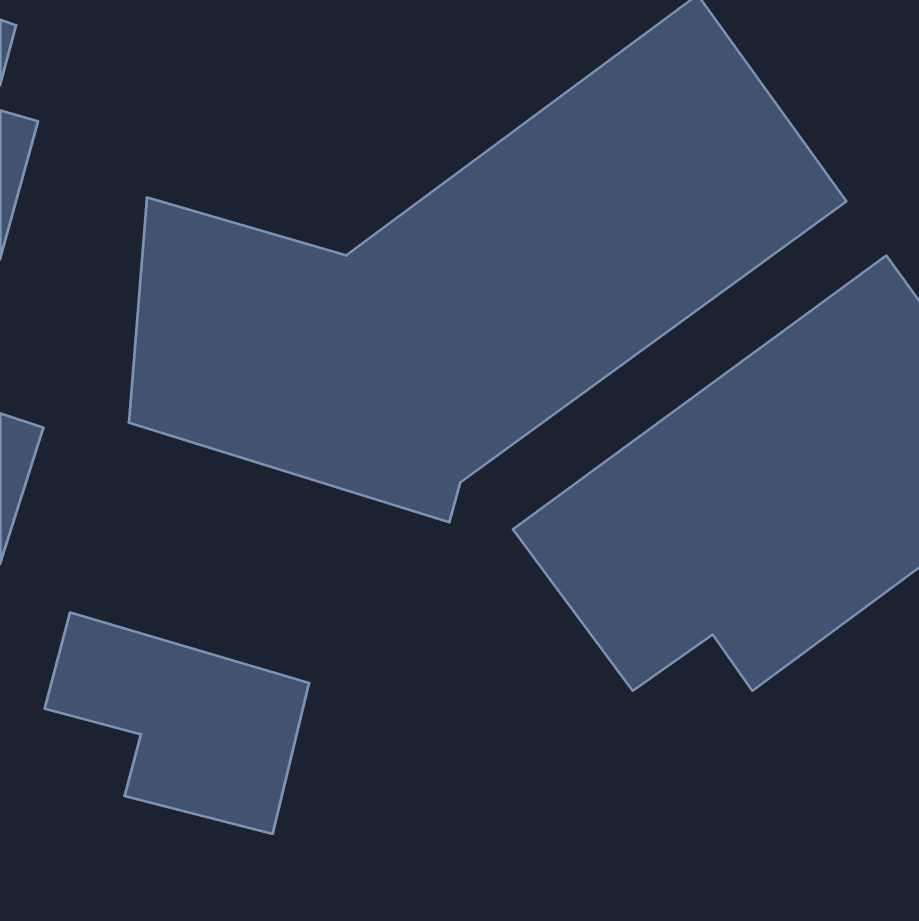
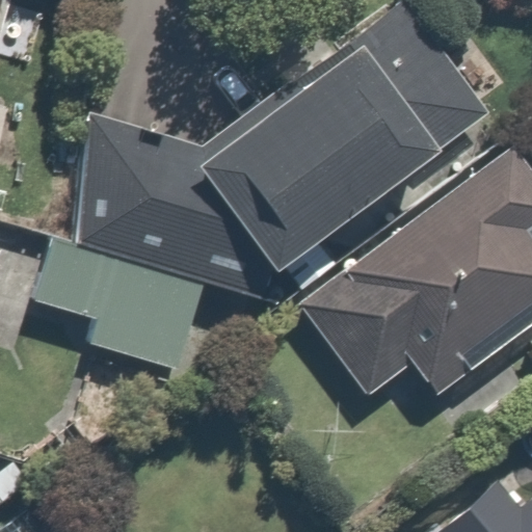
building: [45,613,309,834] -> [48,247,200,374]

